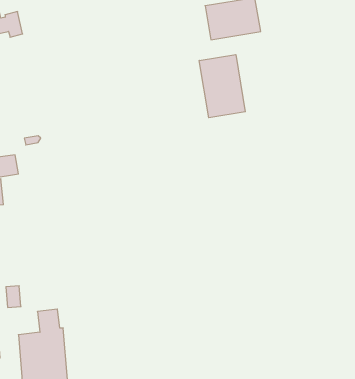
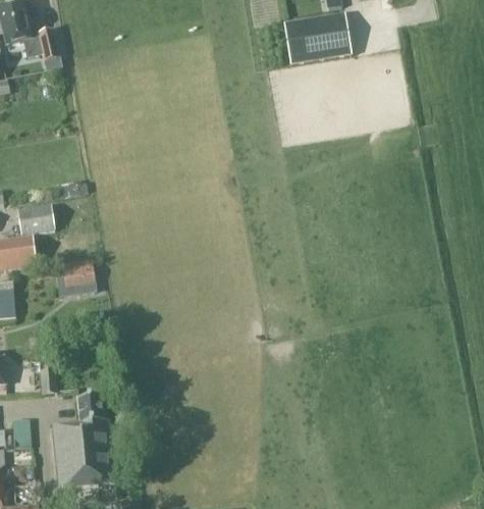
building: [199,55,245,118] -> none
building: none -> [60,257,95,291]

